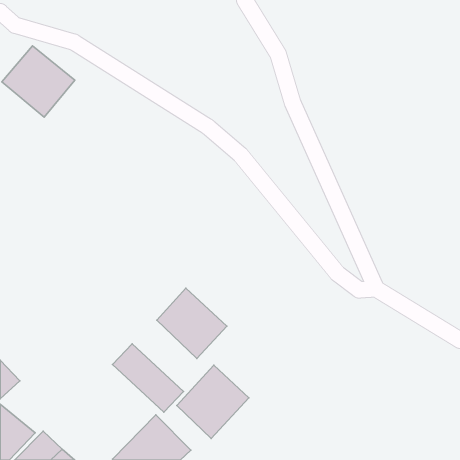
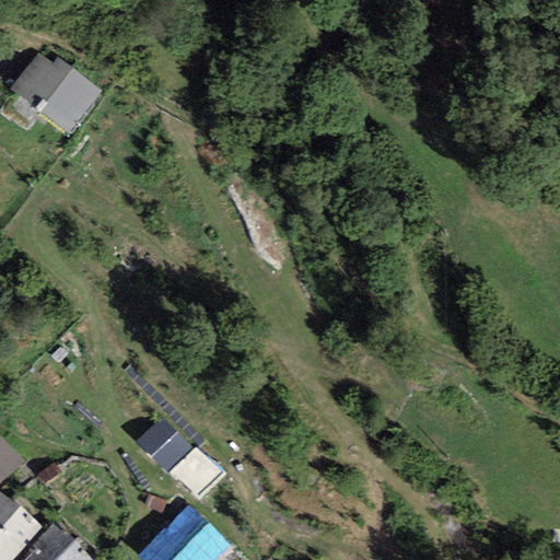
building: [157,288,227,359] -> none
building: [177,365,249,438] -> none

